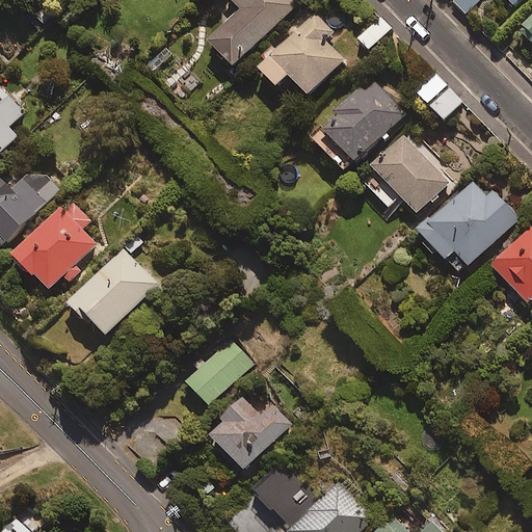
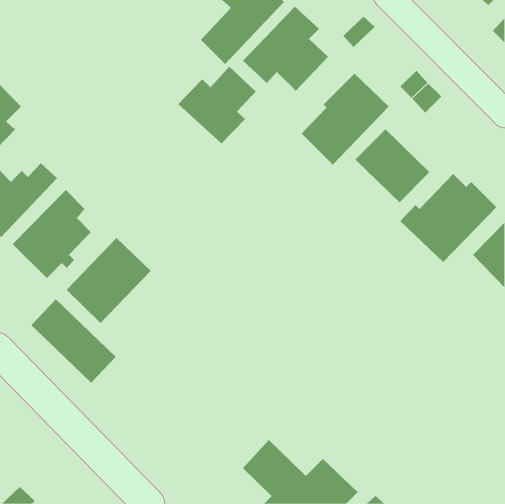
building: none -> [178,66,256,144]
building: none -> [31,298,117,383]
building: [185,336,250,403] -> none
building: [208,397,290,470] -> none

